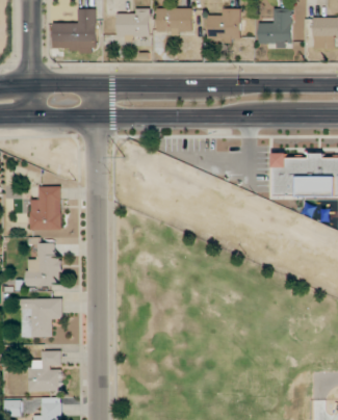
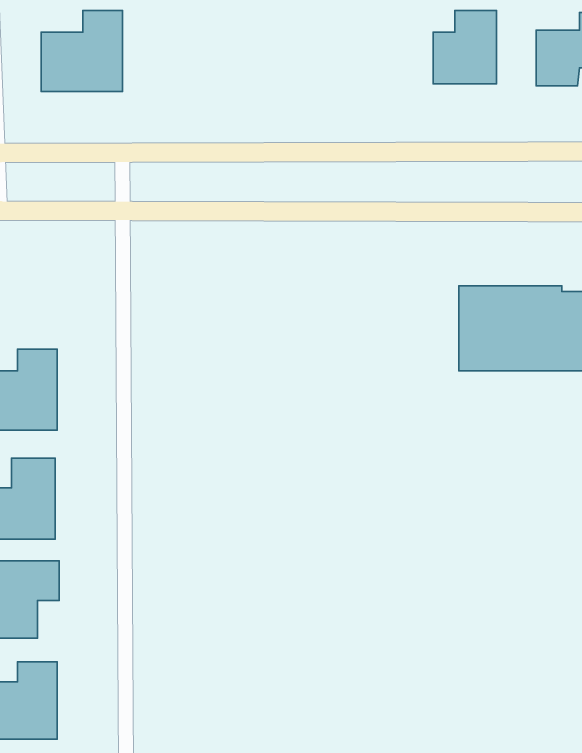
building: [156,8,192,33] -> none
building: [116,9,151,41] -> none
building: [207,9,241,41] -> none

